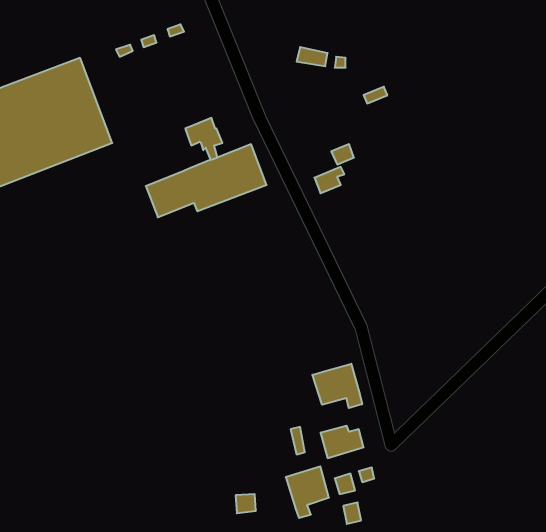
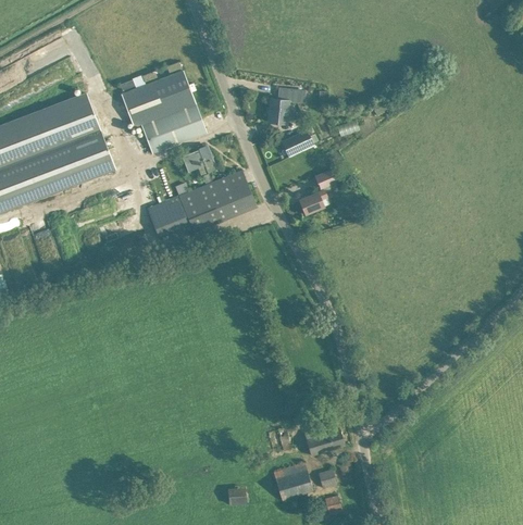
building: none -> [121,72,206,154]
building: none -> [267,100,288,124]
building: none -> [281,130,313,158]
building: [312,364,362,408] -> none

